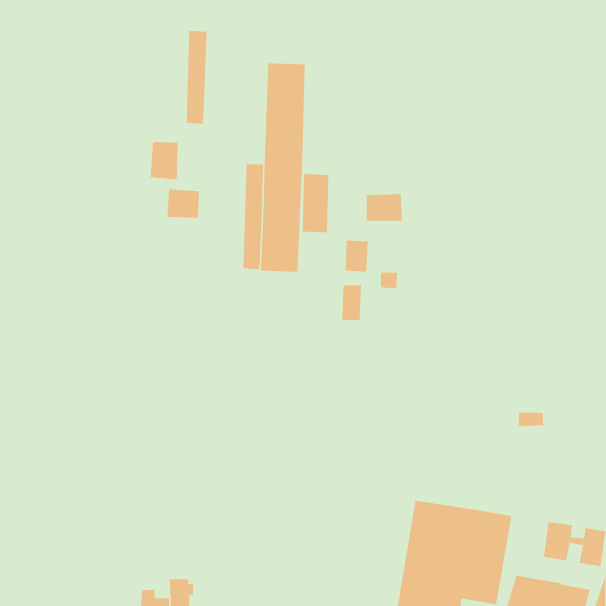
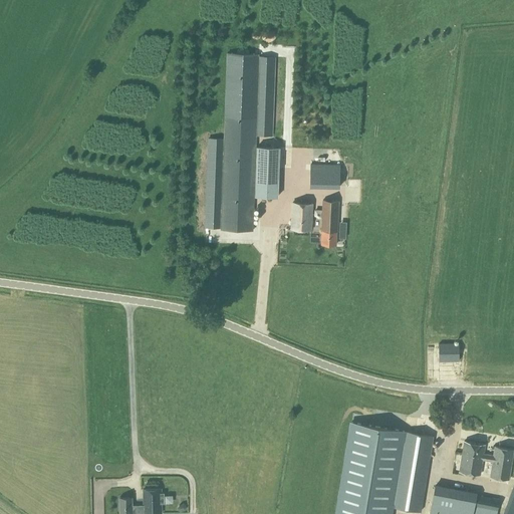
building: [186,30,207,124] -> [256,57,274,137]
building: [150,141,178,180] -> none
building: [167,189,199,219] -> none
building: [342,285,362,320] -> [321,201,338,231]

